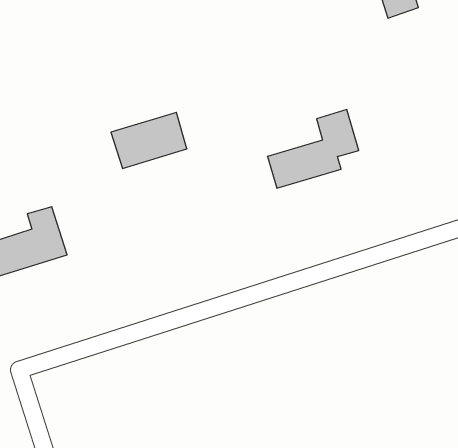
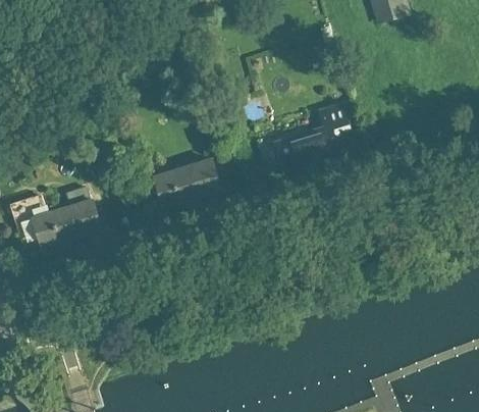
building: [111,112,187,169] -> [152,157,218,206]

